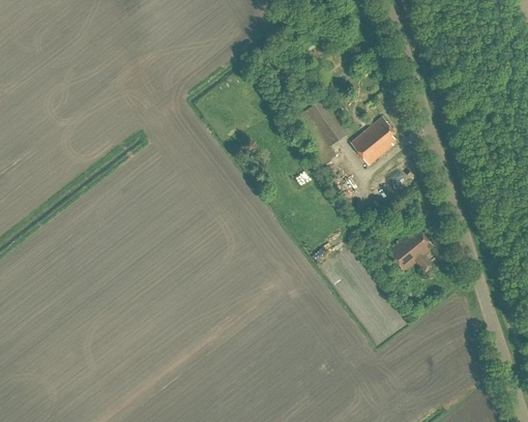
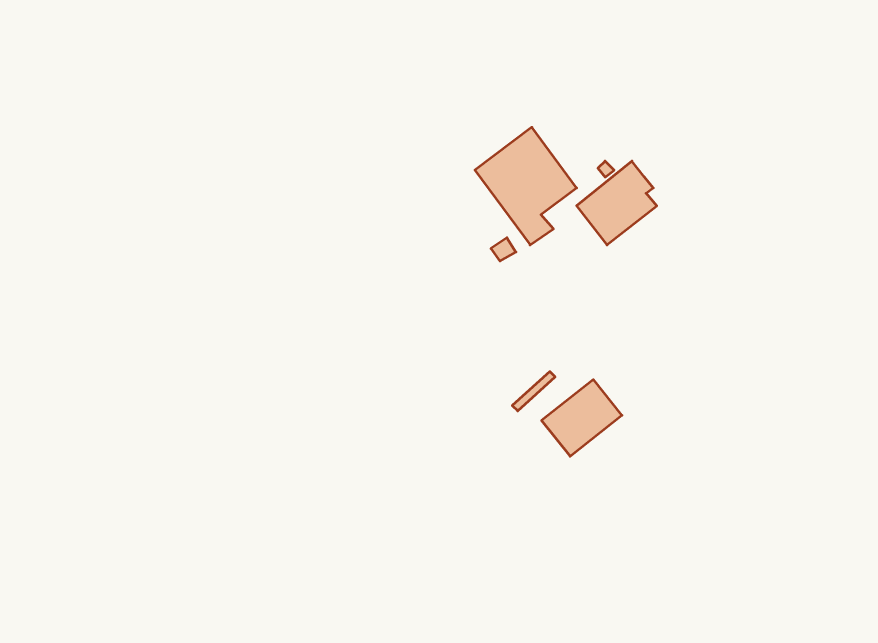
building: [387,227,434,271] -> [542,380,622,456]

